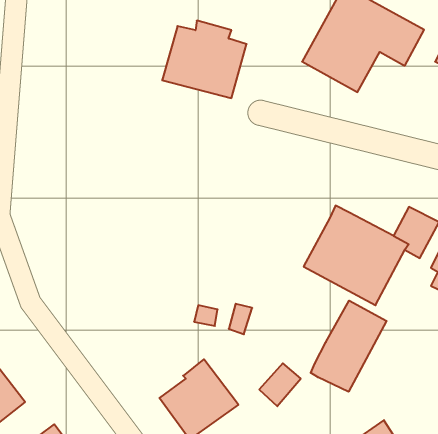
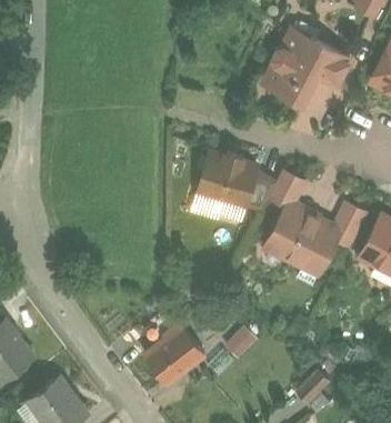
building: [162,21,247,98] -> [193,149,261,211]
building: none -> [267,170,309,210]
building: [311,301,387,392] -> none

